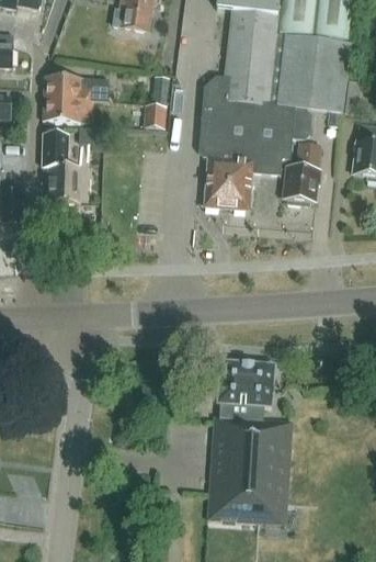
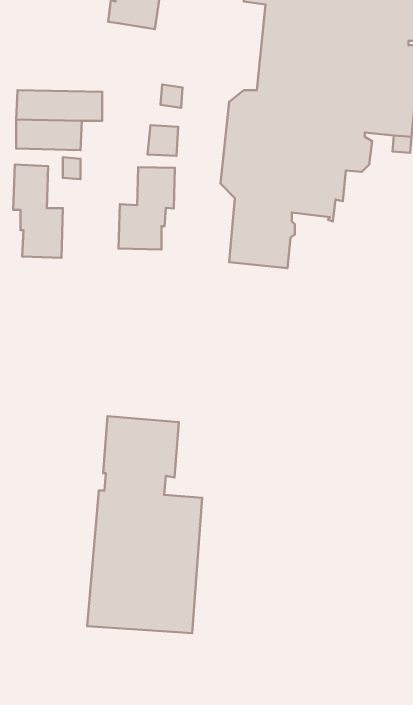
building: none -> [118,167,175,250]
building: [285,142,322,203] -> none
building: [206,359,293,522] -> [87,416,202,633]

